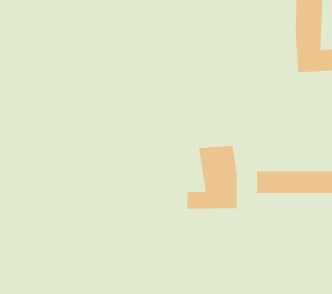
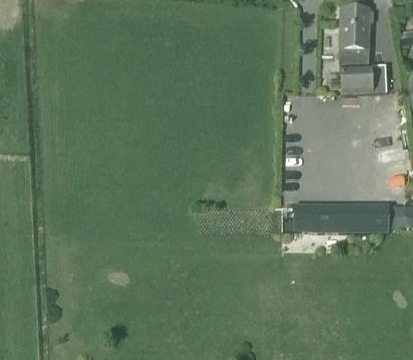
building: [187,145,237,210] -> none

